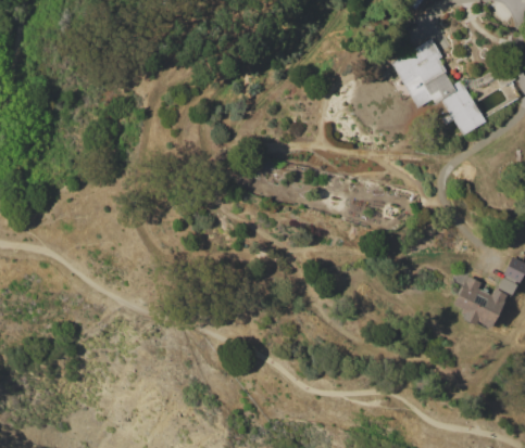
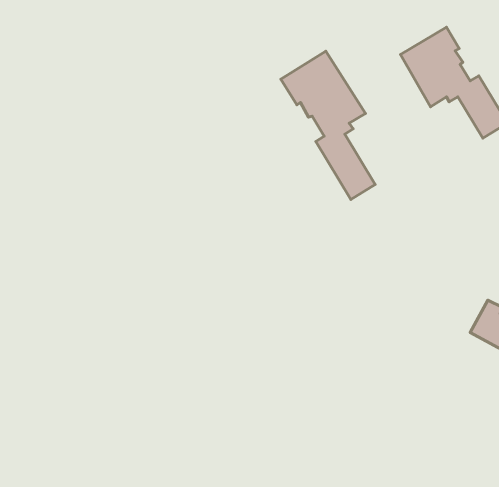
building: none -> [281,51,375,200]

